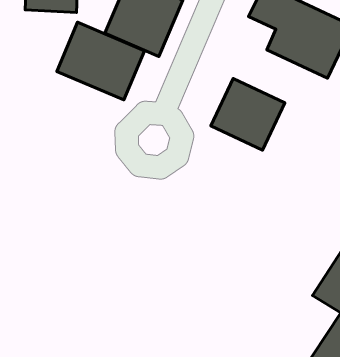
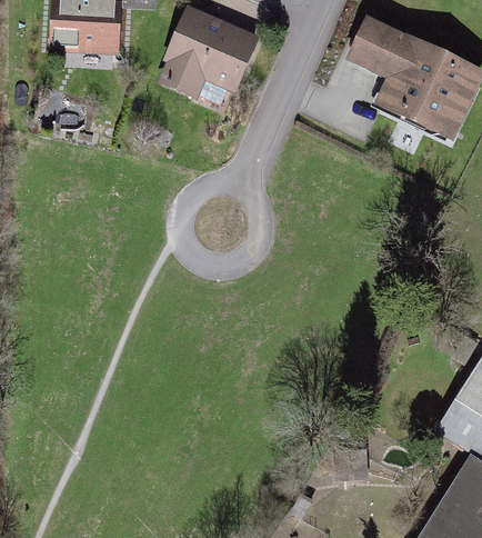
building: [57,22,144,100] -> none
building: [211,79,285,150] -> none

